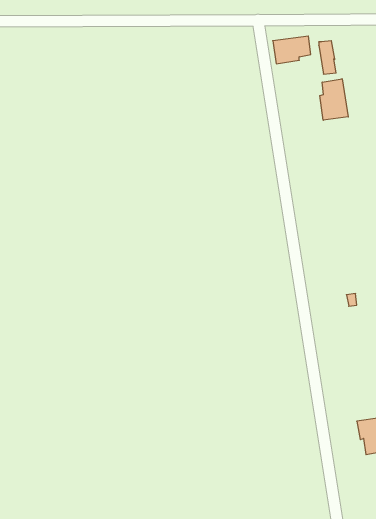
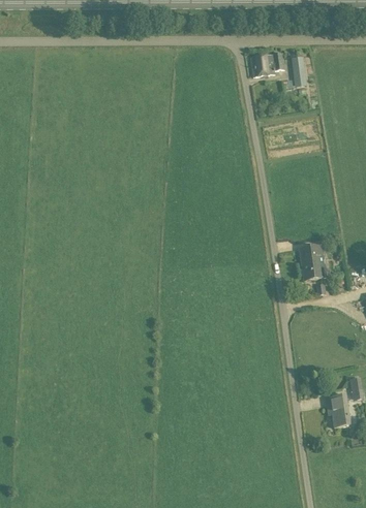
building: [320,79,348,120] -> none
building: none -> [299,245,323,280]

